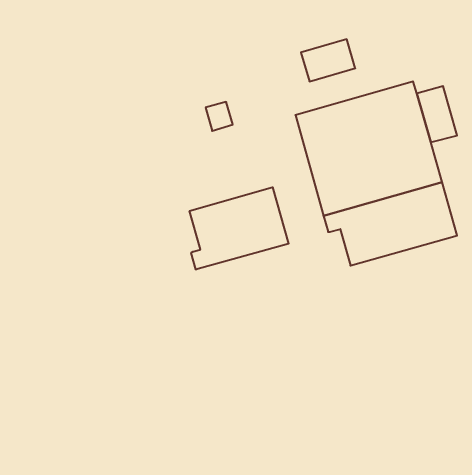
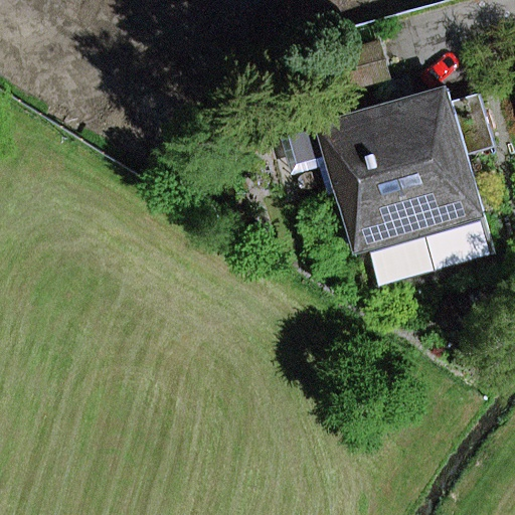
building: [190,187,289,270] -> none

